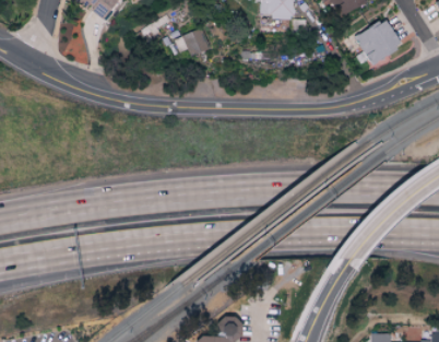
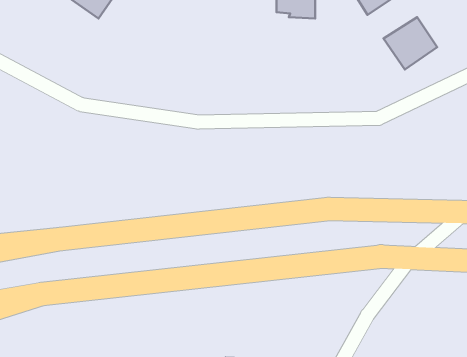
building: [175,27,211,57] -> none

